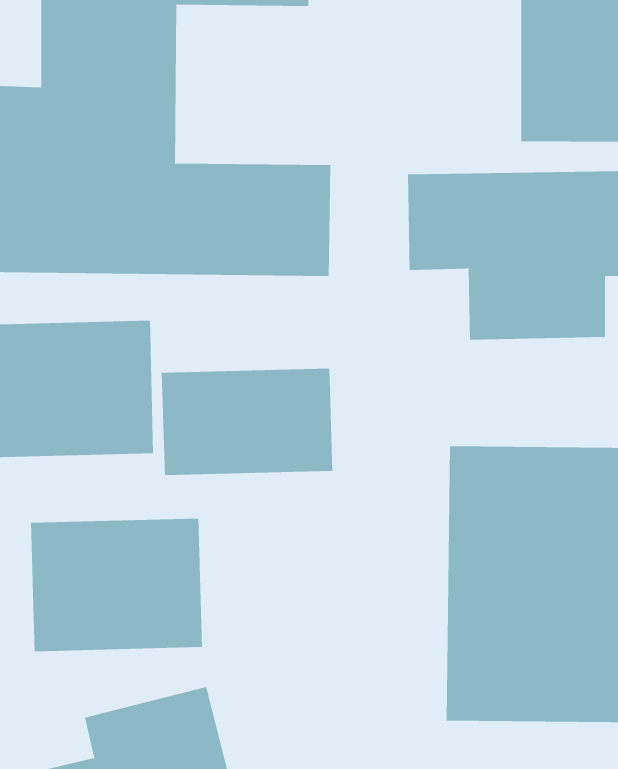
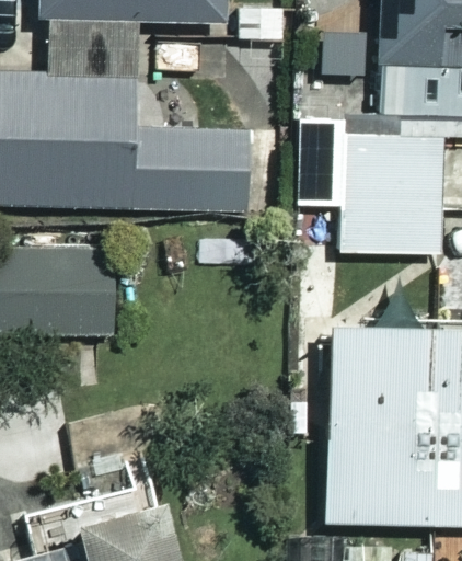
building: [161,368,333,476] -> none
building: [30,518,203,652] -> none

